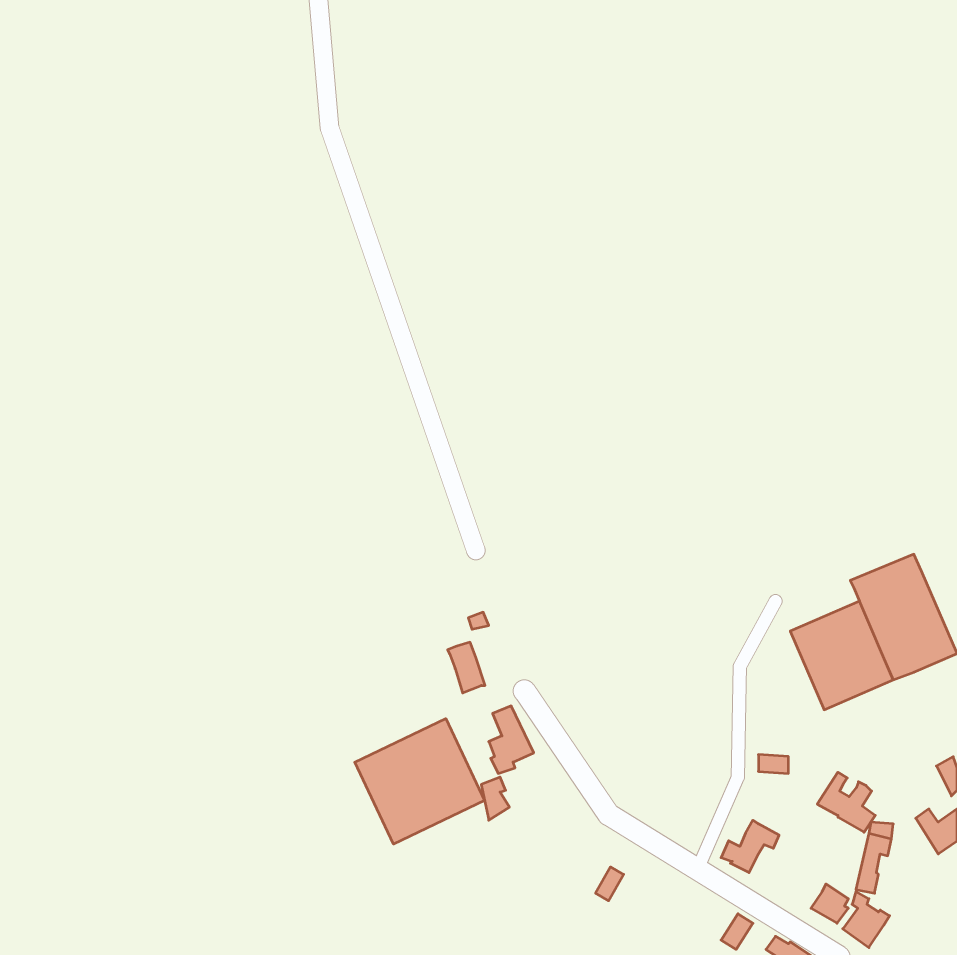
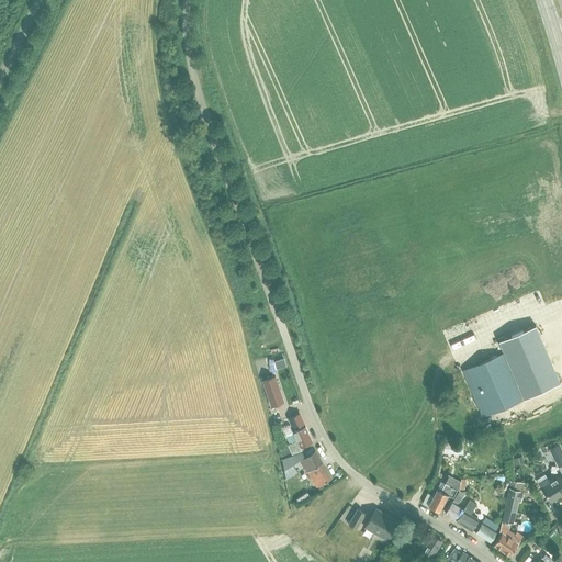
building: [355,719,485,844] -> none
building: none -> [300,452,331,488]
building: [817,772,875,832] -> [445,495,479,530]
building: none -> [366,510,398,540]

